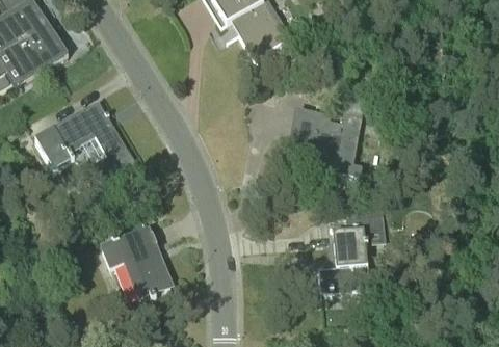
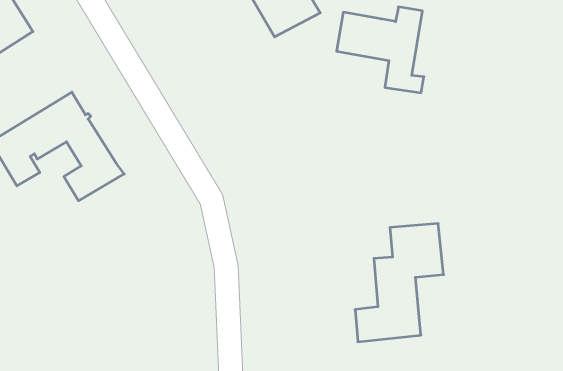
building: [293,110,361,177] -> [337,7,424,93]
building: [98,226,168,298] -> none

